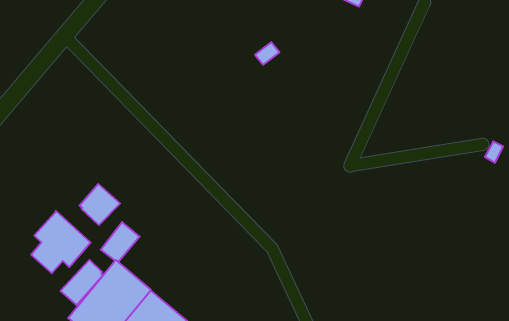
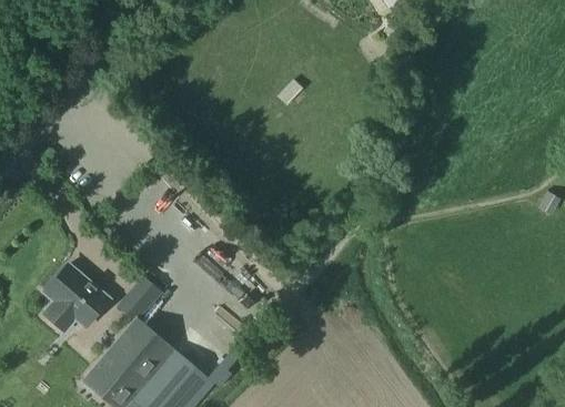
building: [79,184,120,225] -> none
building: [61,260,104,305] -> none

